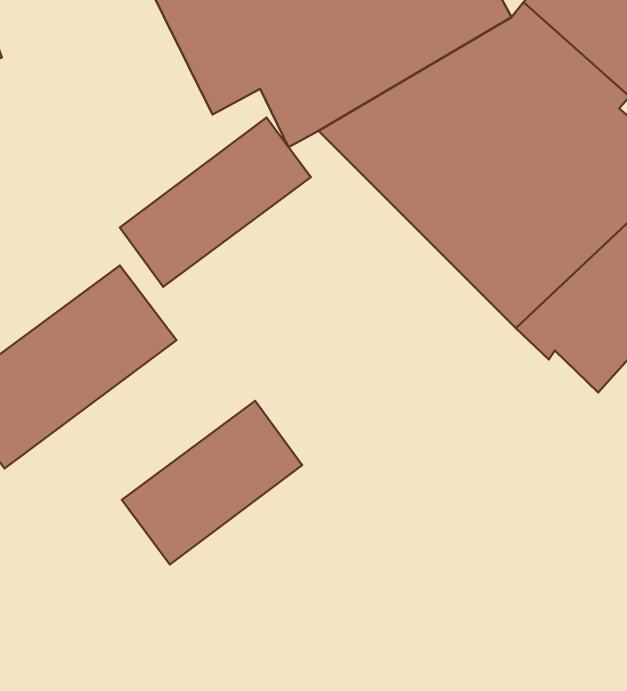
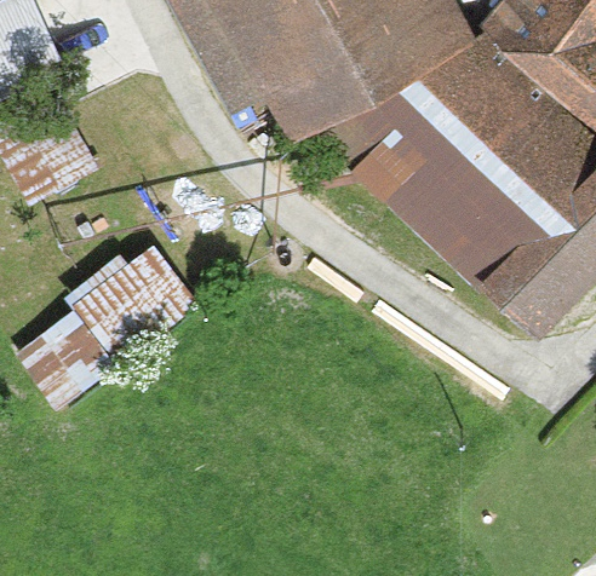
building: [120,118,311,287] -> none
building: [122,401,302,565] -> none

